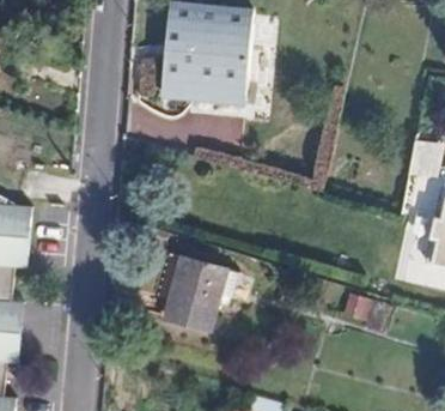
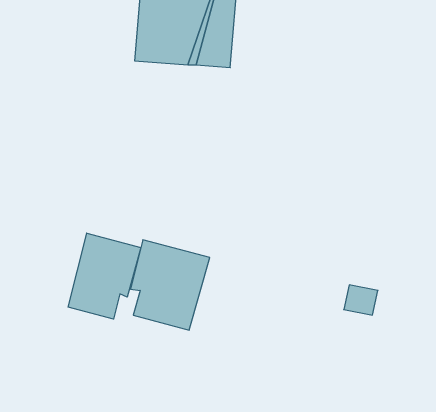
building: none -> [68,233,141,319]

